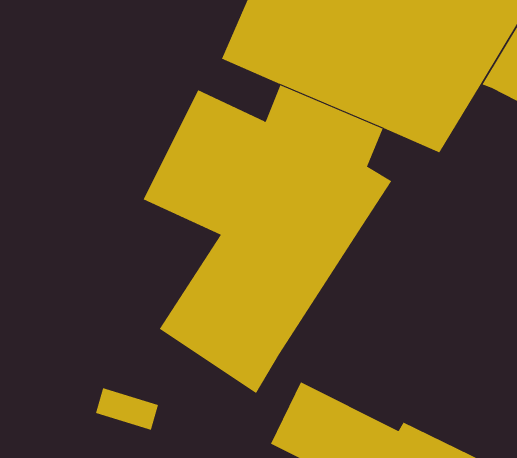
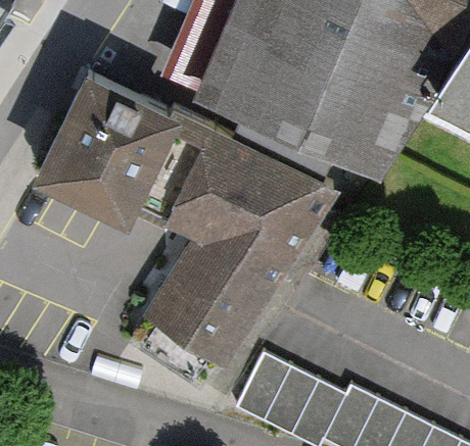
building: none -> [43,70,176,215]

